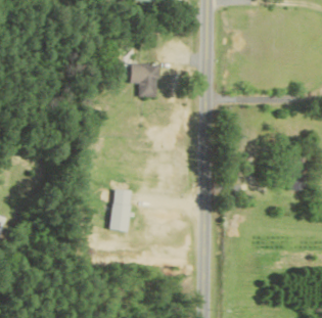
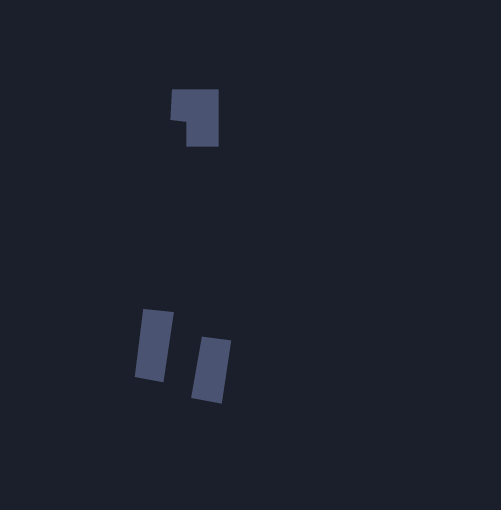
building: none -> [190,336,232,405]

